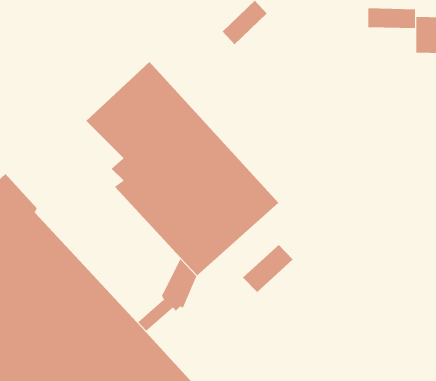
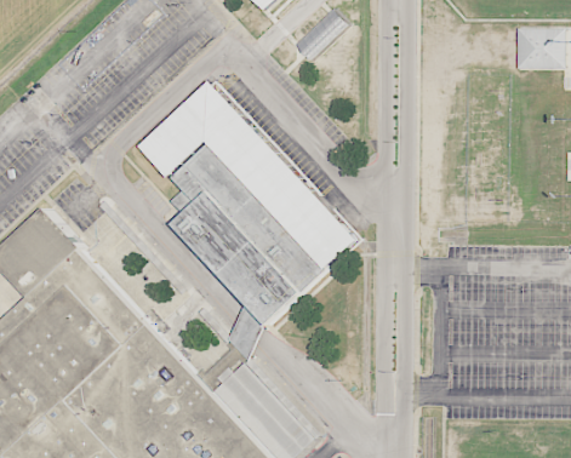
building: [368,8,416,29] -> none
building: [242,244,293,293] -> none

